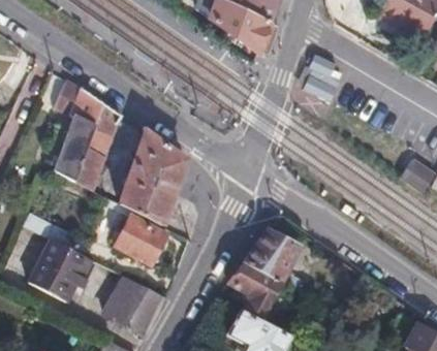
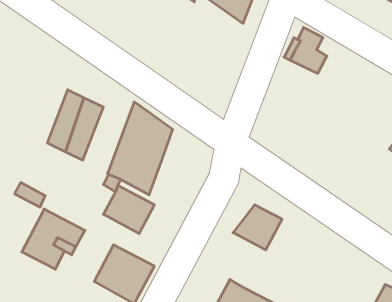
building: [54,75,120,135] -> none
building: [228,262,279,319] -> none

